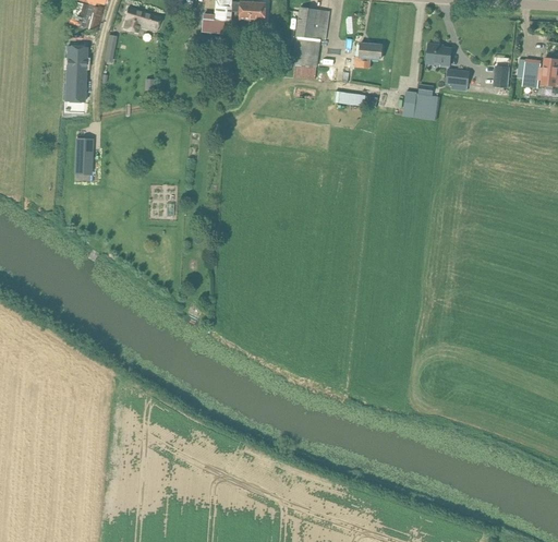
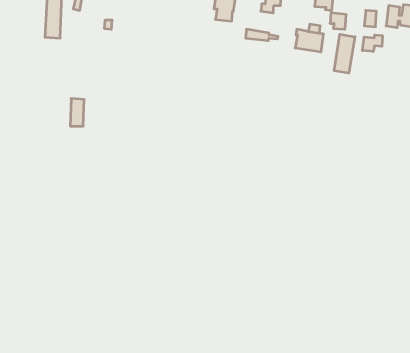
building: none -> [334,34,355,73]
building: none -> [362,35,382,52]
building: [74,136,93,173] -> [70,99,84,126]

